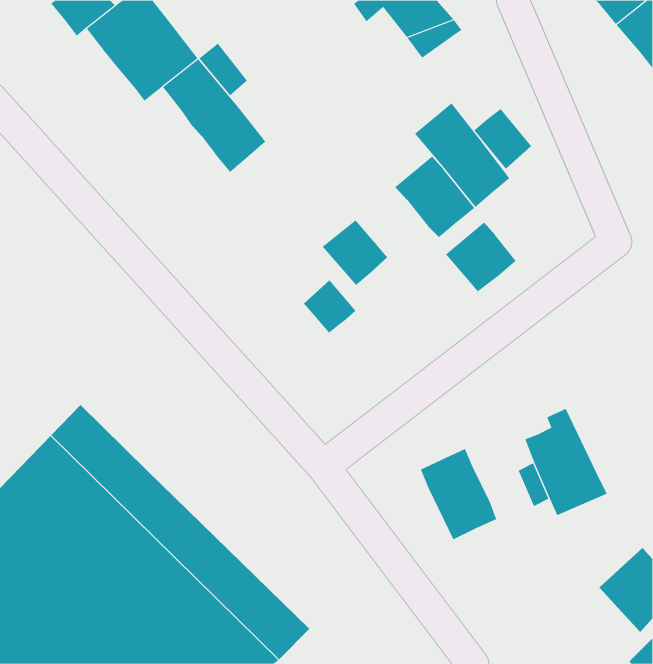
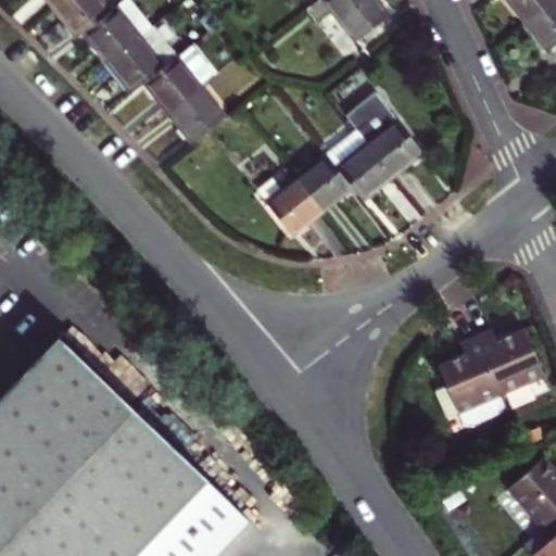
building: [473,108,532,170] -> none
building: [445,222,517,292] -> [298,156,357,215]
building: [303,280,356,334] -> none
building: none -> [473,330,540,395]
building: [420,448,497,540] -> none

